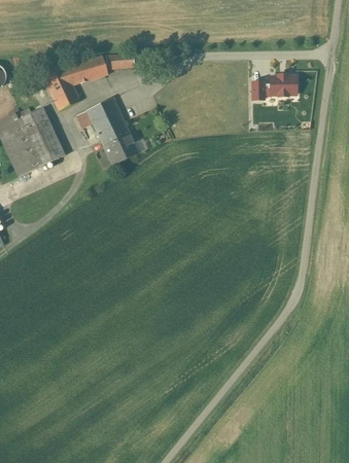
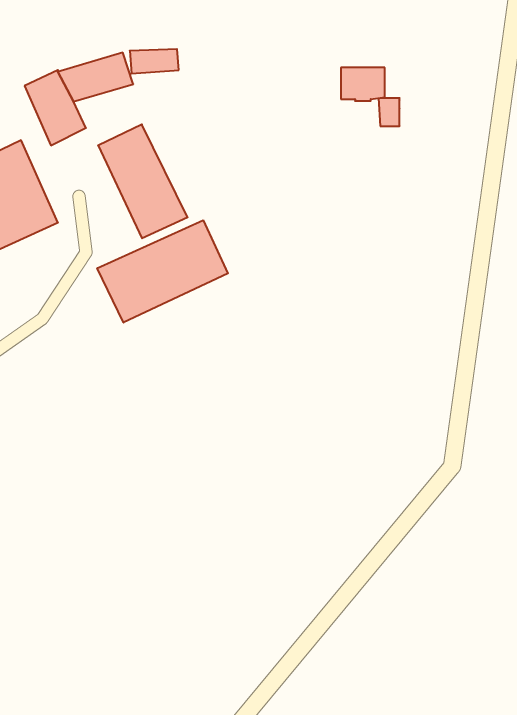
building: [270,76,295,96] -> [341,68,385,101]
building: none -> [97,220,228,323]

